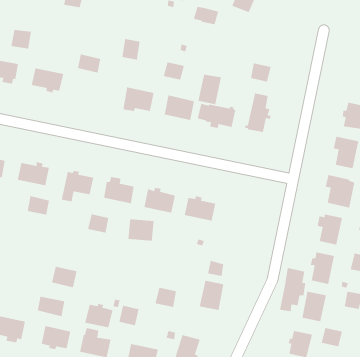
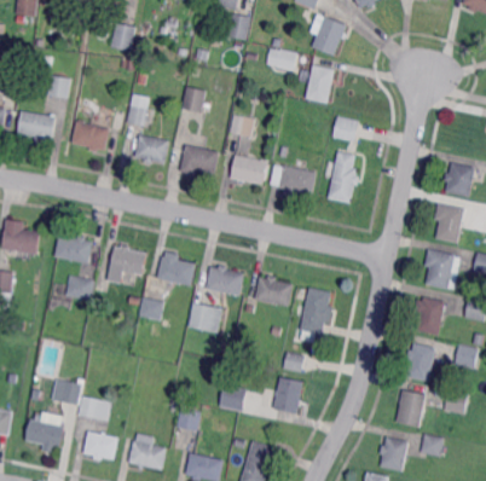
building: [198,74,222,105] -> [305,65,334,103]
building: none -> [134,134,169,164]
building: [51,266,77,288] -> [51,378,82,405]
building: [279,267,306,312] -> [299,286,331,341]
building: [84,303,113,328] -> none

